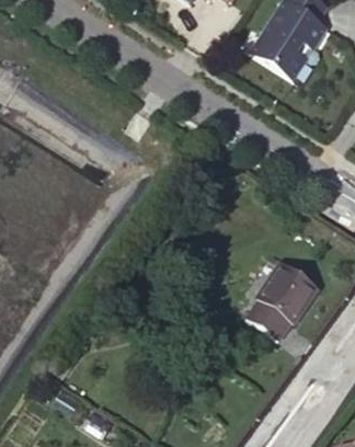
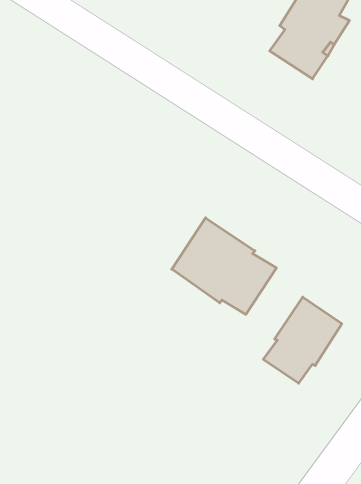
building: none -> [172,218,276,314]

